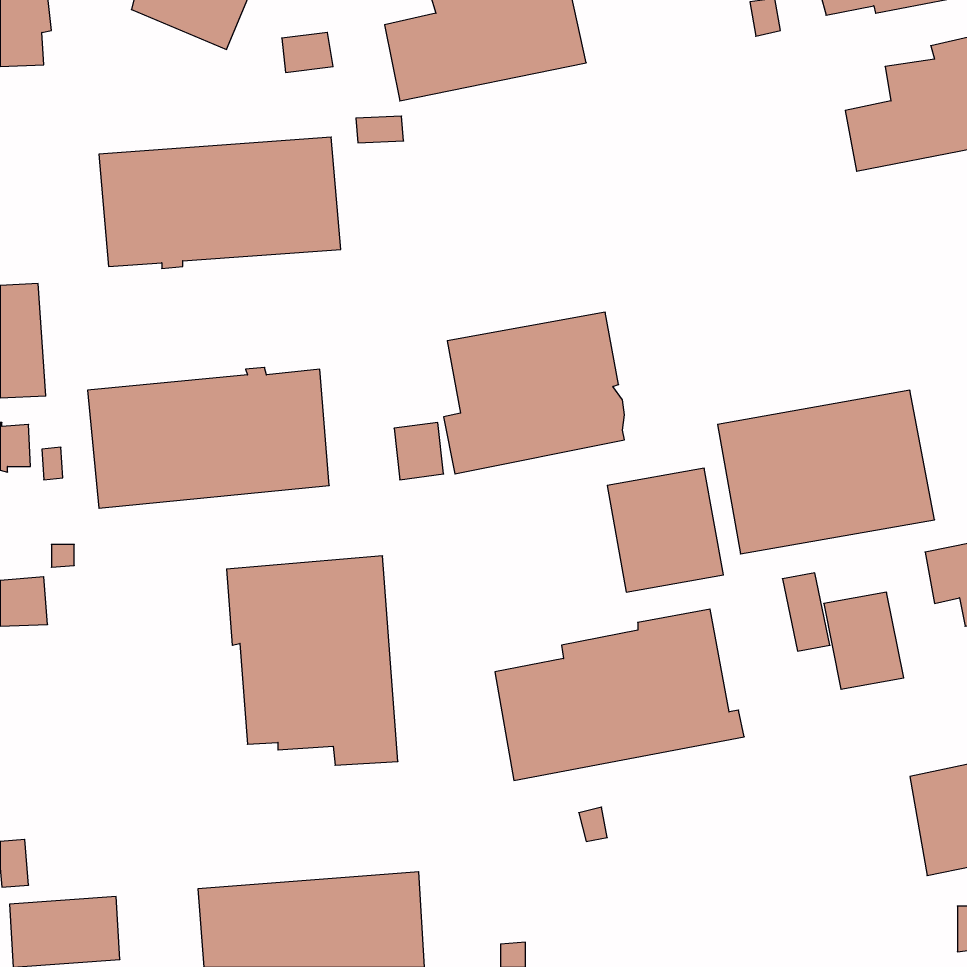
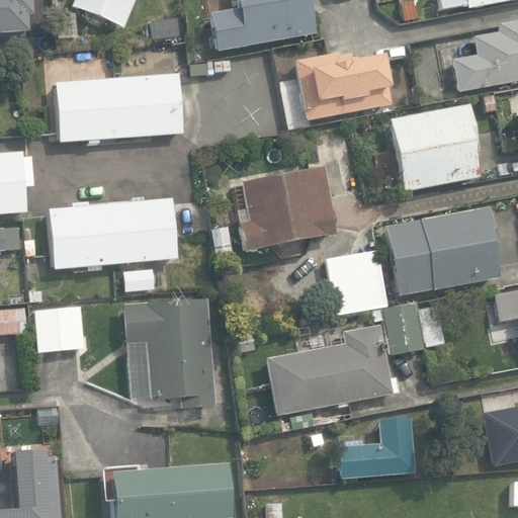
building: none -> [295,52,390,118]
building: none -> [390,104,480,190]
building: none -> [35,306,85,351]
building: [824,592,904,689] -> [382,303,425,354]
building: none -> [337,416,415,478]

